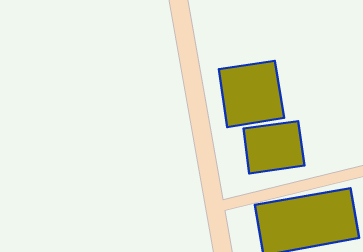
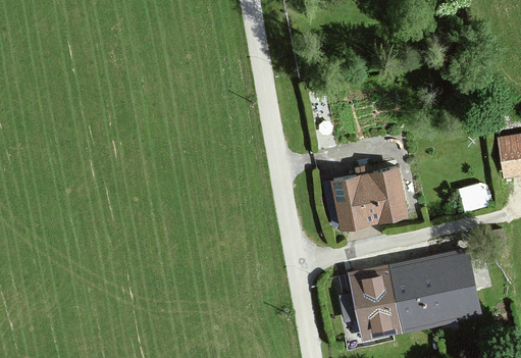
building: [219,61,284,127] -> none

